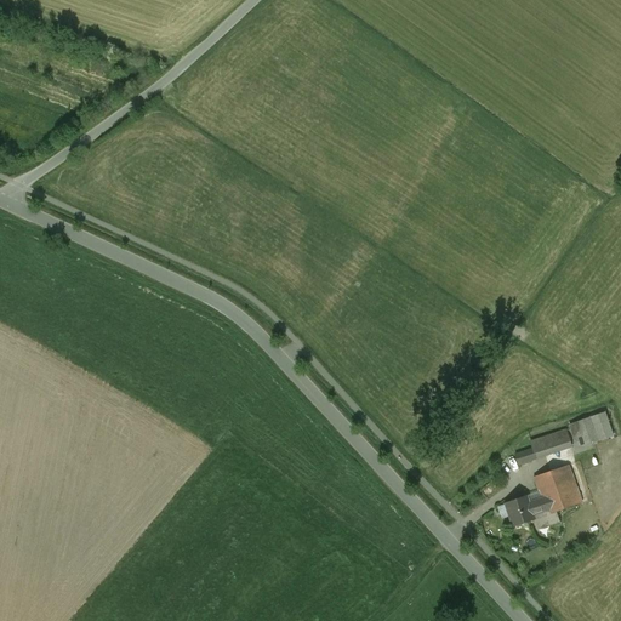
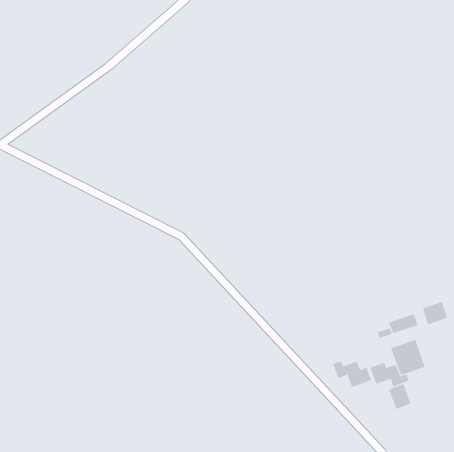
building: none -> [332,361,372,388]
building: none -> [389,383,411,410]

